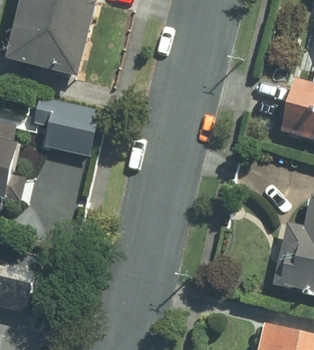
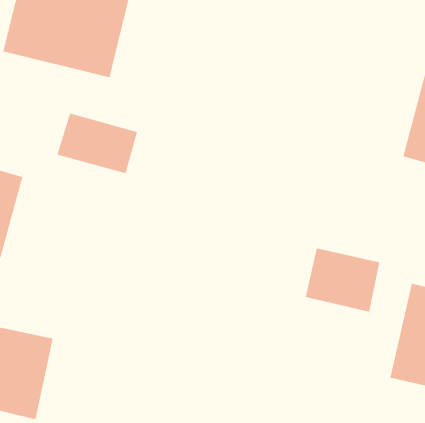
building: none -> [305,247,380,313]

